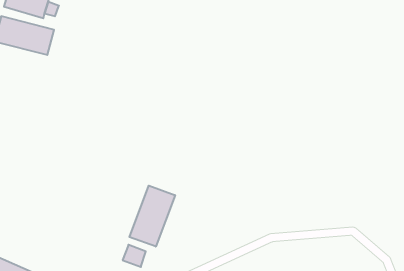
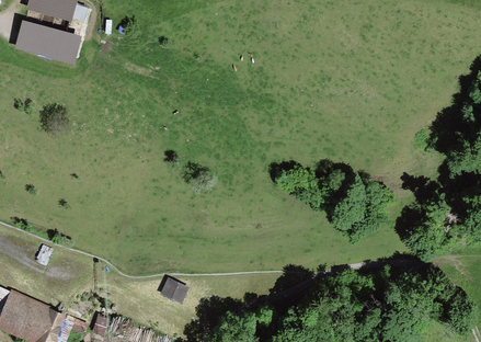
building: [129,186,175,247] -> none

